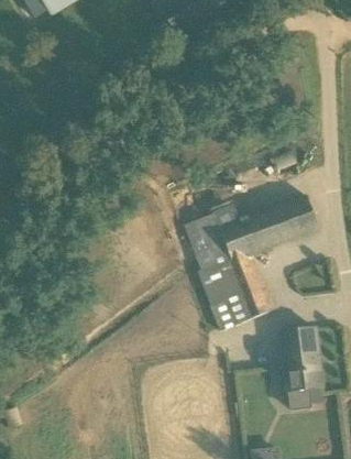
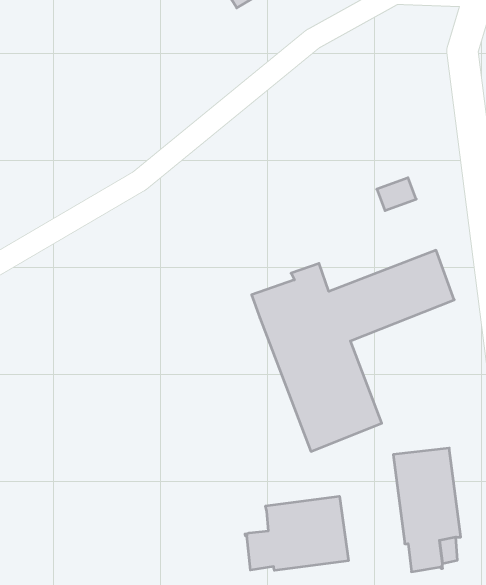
building: none -> [245,496,348,570]

